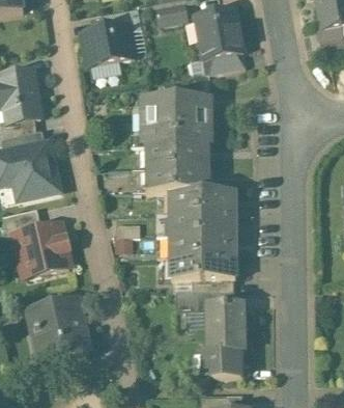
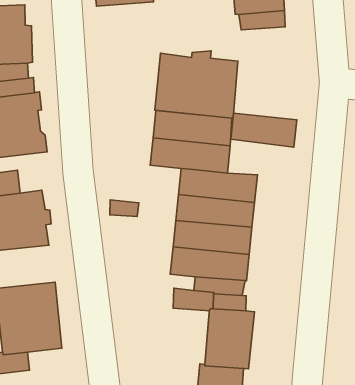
building: none -> [231,113,297,147]

